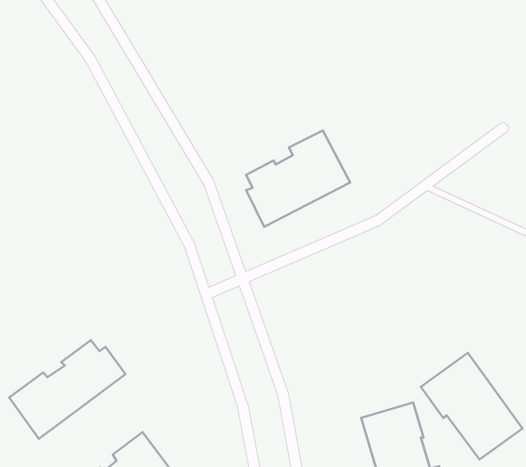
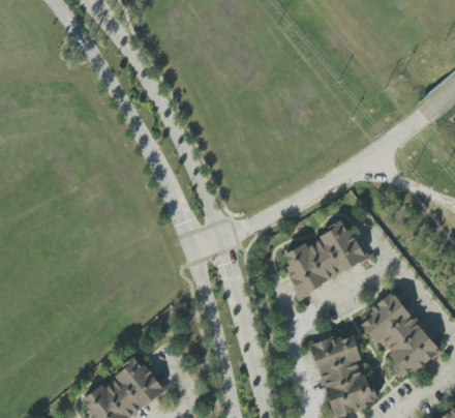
building: [246,131,350,227] -> [283,219,366,296]
building: [9,340,125,439] -> none

